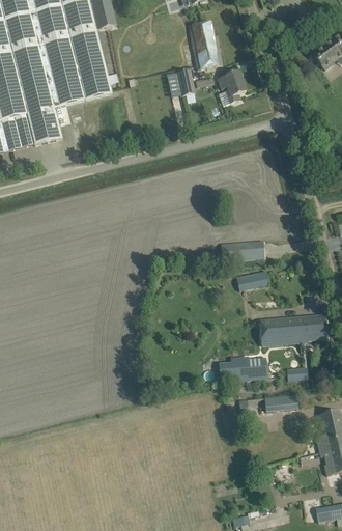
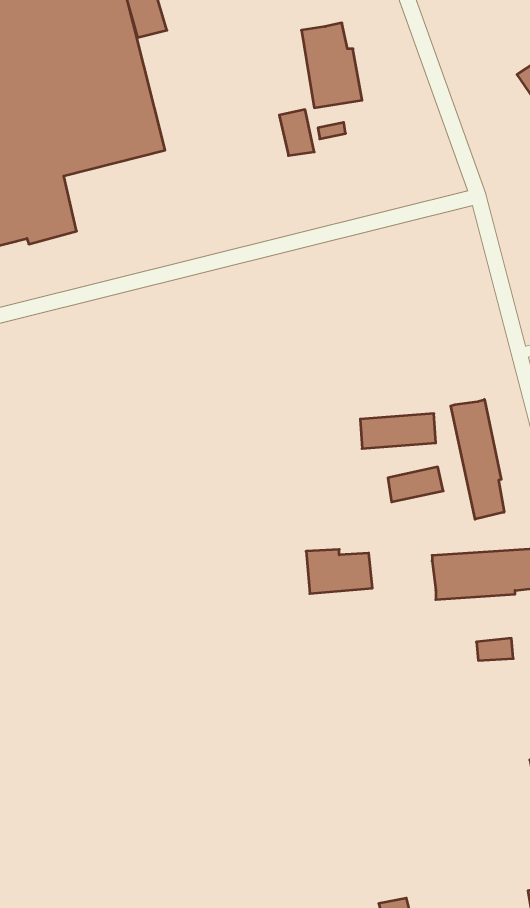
building: [217,71,246,103] -> none
building: none -> [451,399,504,519]
building: [229,356,266,381] -> [306,549,372,594]
building: [264,394,296,411] -> none

